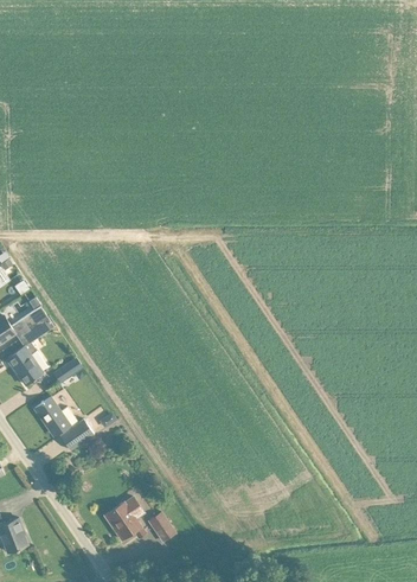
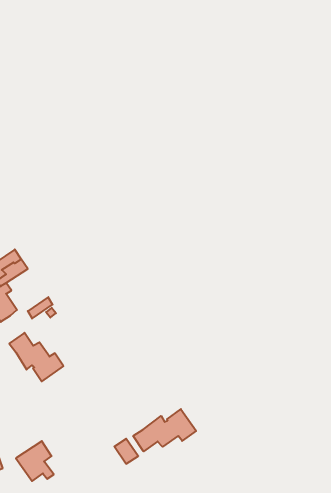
building: none -> [133,409,196,451]
building: [103,497,145,541] -> [16,441,54,481]

